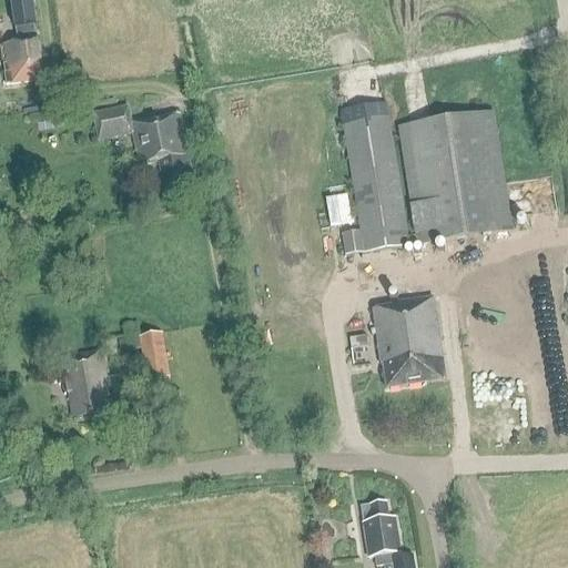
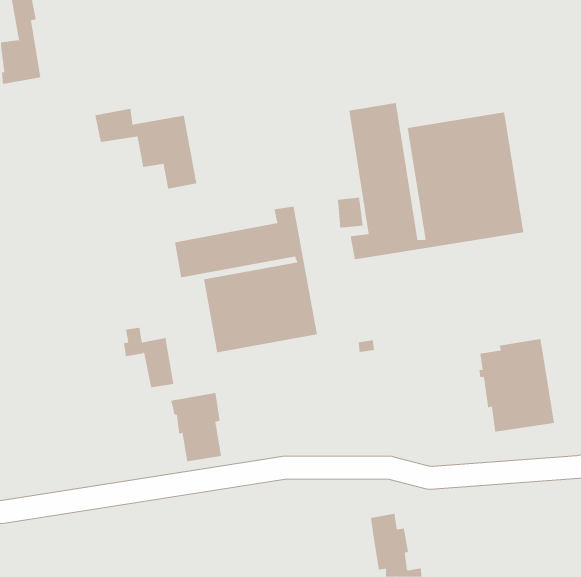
building: none -> [175,206,317,353]
building: [371,293,445,384] -> [478,339,555,432]
building: [60,346,110,414] -> [170,392,222,462]

